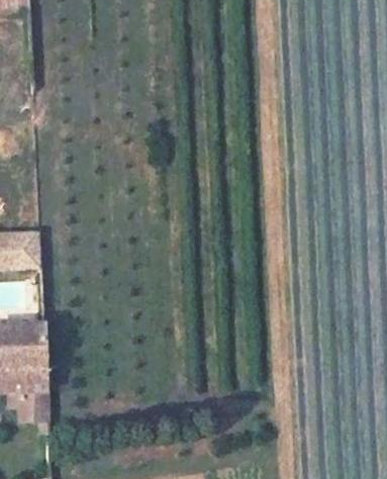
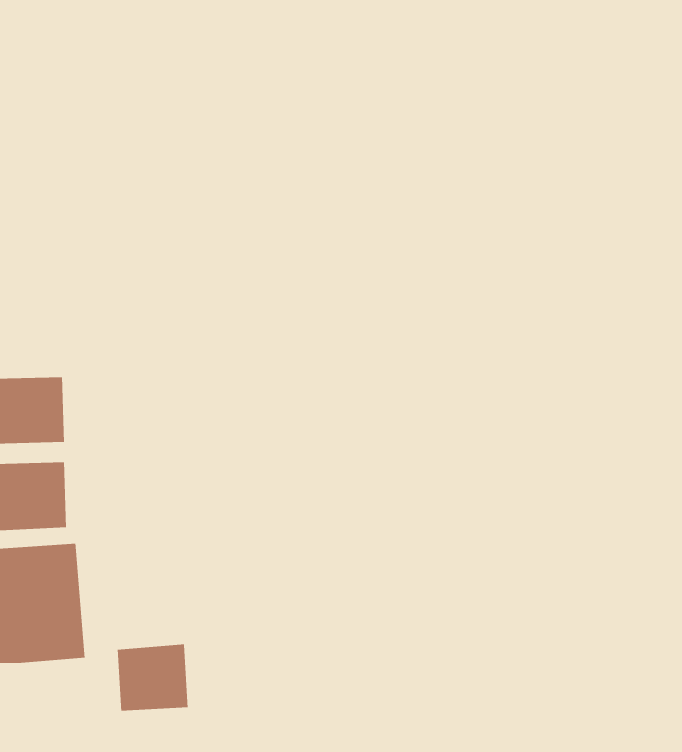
building: [11,383,50,419] -> [117,643,189,711]

